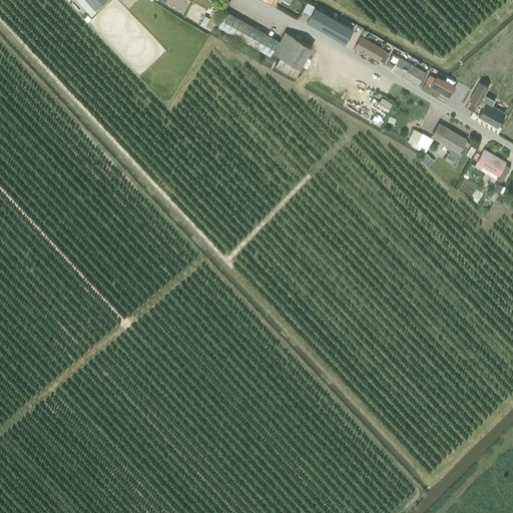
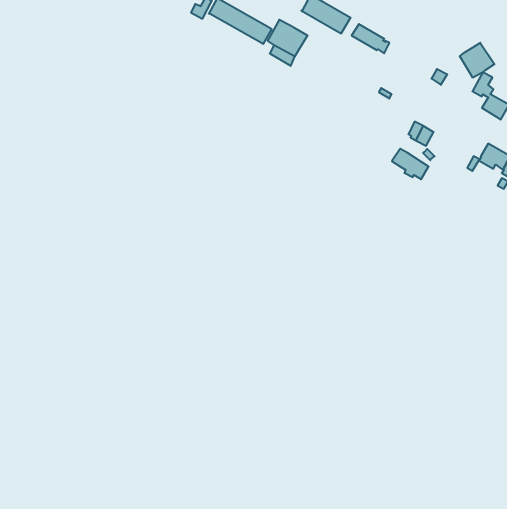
building: none -> [460,43,494,78]
building: [392,58,426,86] -> none
building: [432,123,467,152] -> [392,149,429,179]

